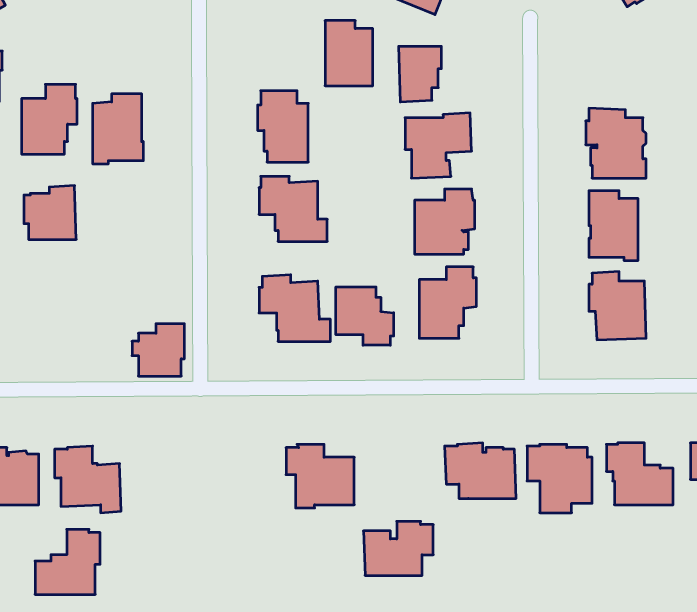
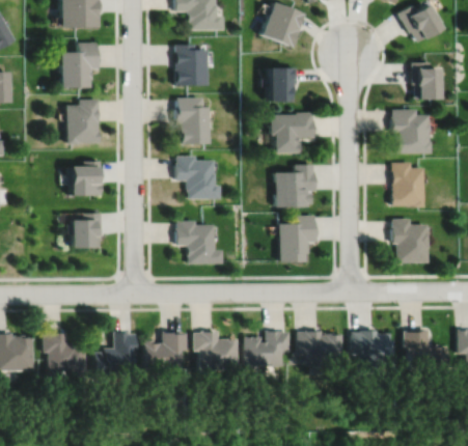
building: [325,21,373,86] -> [174,45,205,87]
building: none -> [411,62,439,103]
building: [22,84,77,154] -> [63,44,100,89]
building: [24,186,76,239] -> [68,159,103,194]
building: [336,287,394,345] -> none
building: [132,324,184,376] -> [68,212,103,246]
building: none -> [144,331,188,370]
building: [363,521,433,575] -> [245,330,291,365]
building: [35,529,100,594] -> [93,331,136,373]

